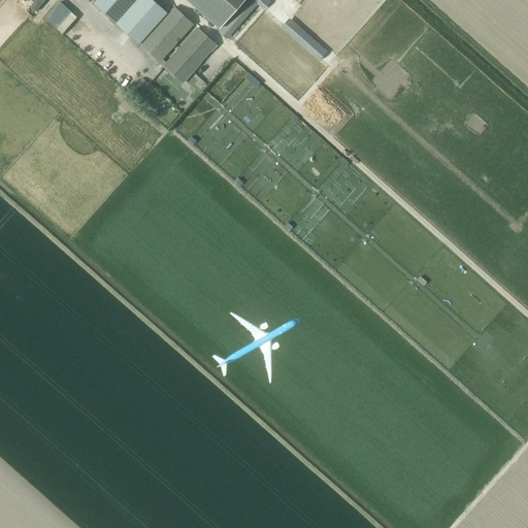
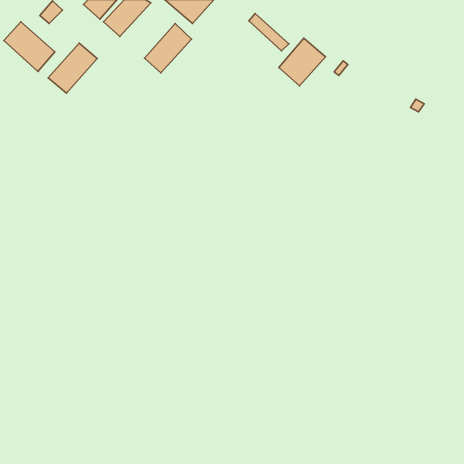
building: [139,5,195,62] -> [48,43,97,93]
building: none -> [4,22,55,72]
building: none -> [279,38,325,86]

